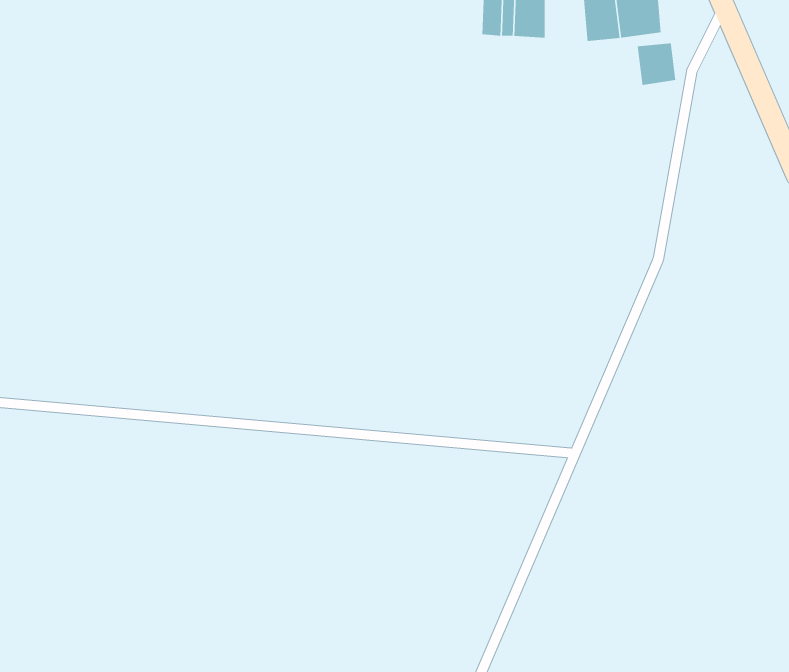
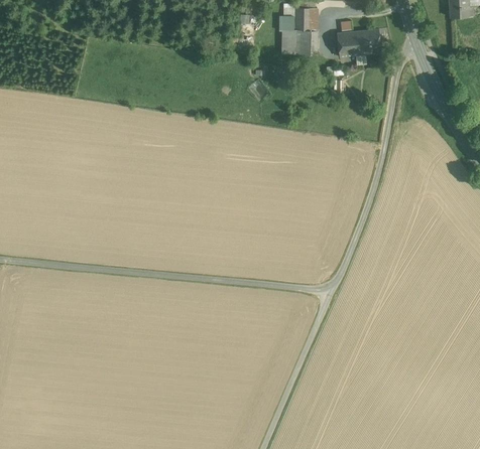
building: [637,43,676,86] -> none

